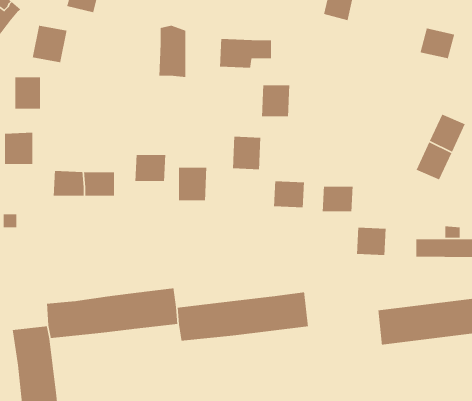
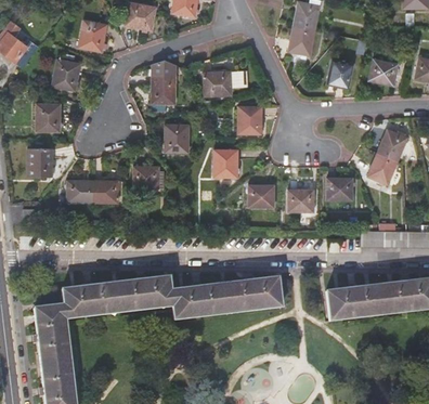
building: none -> [327,60,353,90]
building: [178,167,207,201] -> [165,121,188,149]
building: [356,227,387,256] -> [326,177,351,200]

